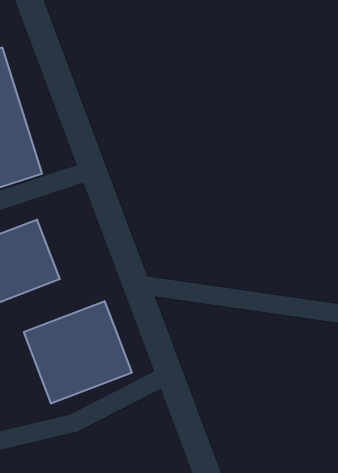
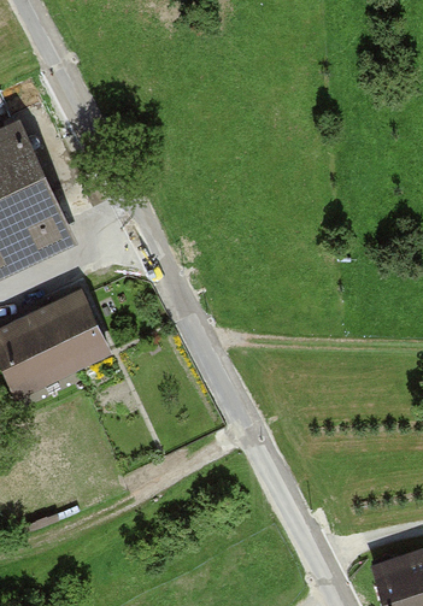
building: [24,301,132,404] -> none

